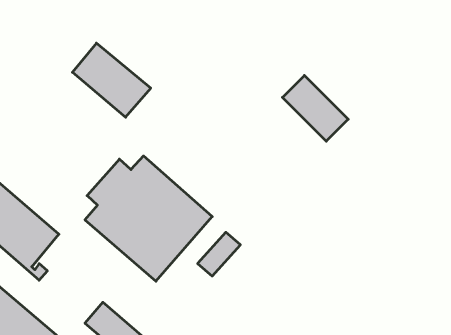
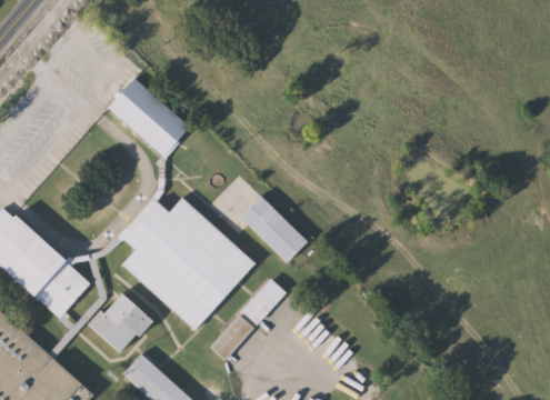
building: [282,75,348,141] -> [238,194,308,264]
building: none -> [90,290,153,353]
building: none -> [208,314,252,361]

